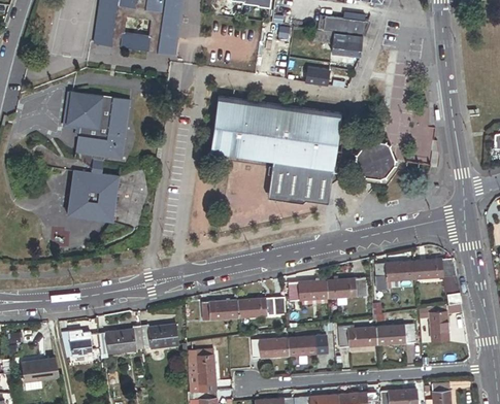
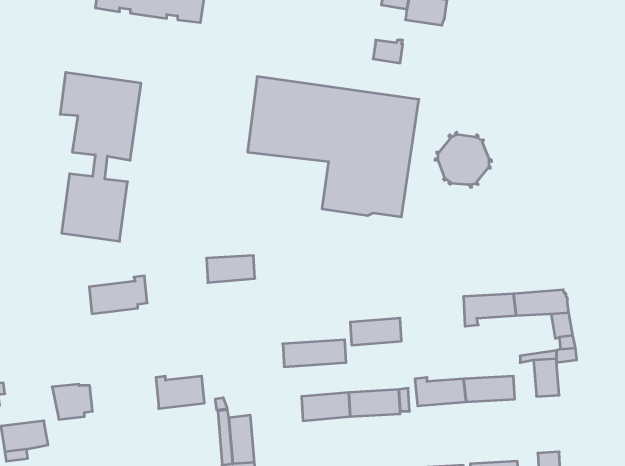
building: [327,277,367,298] -> none
building: [201,300,238,321] -> [206,256,255,283]
building: [98,326,142,355] -> [89,276,147,314]

